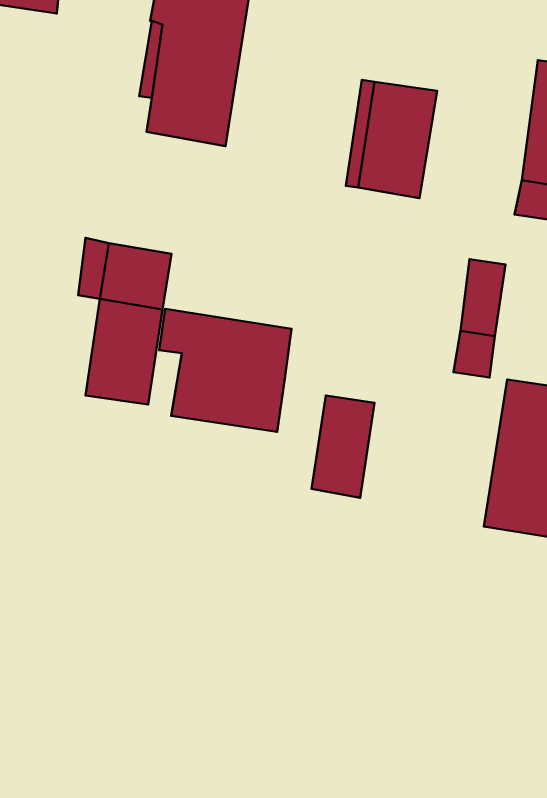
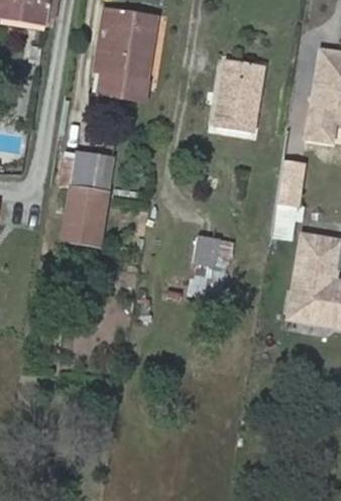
building: [159,309,291,432] -> none

